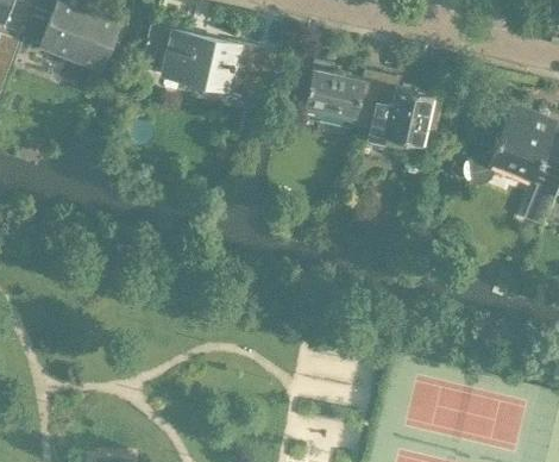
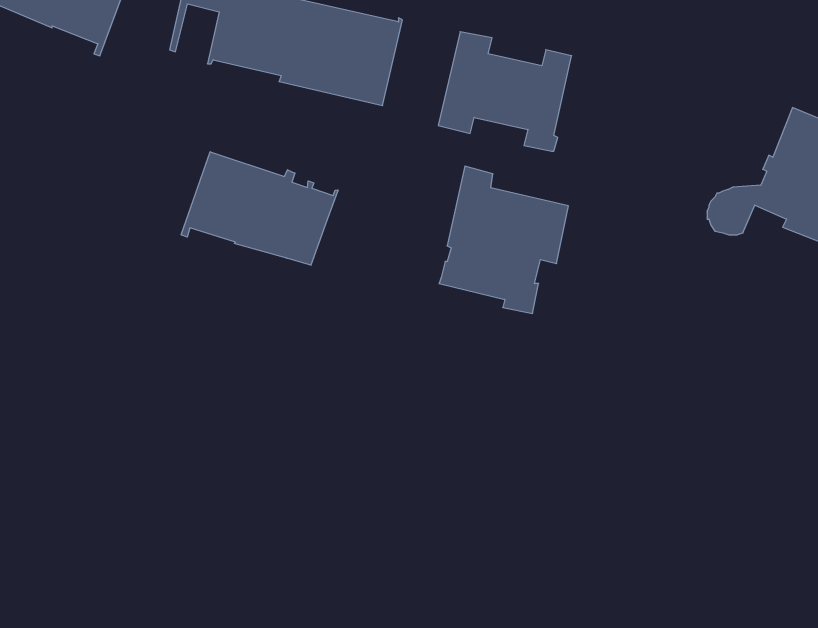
building: [366,75,444,163] -> [439,166,568,313]
building: none -> [181,152,338,265]

